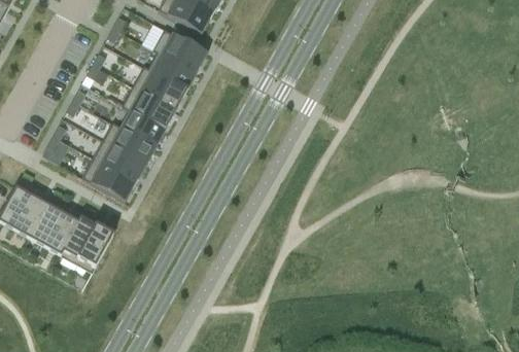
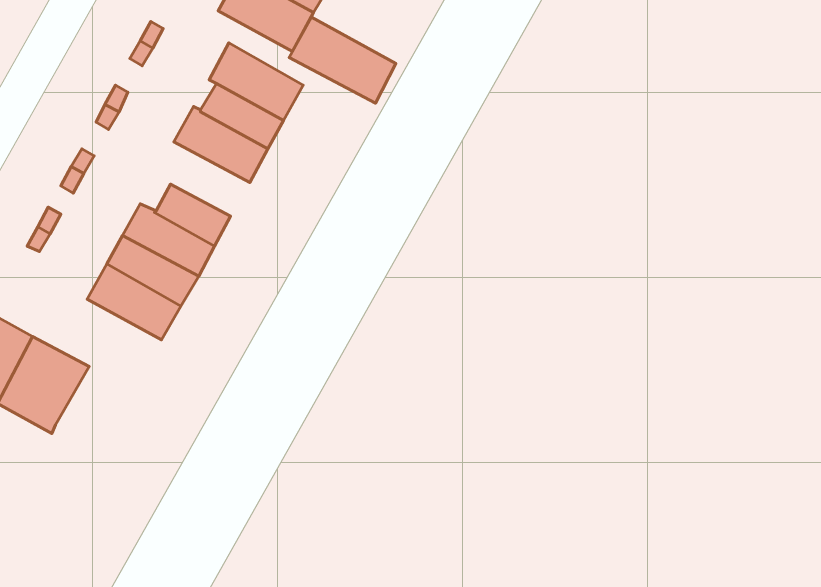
building: none -> [289,17,396,103]
building: [122,85,177,129] -> none
building: [64,216,114,268] -> none

